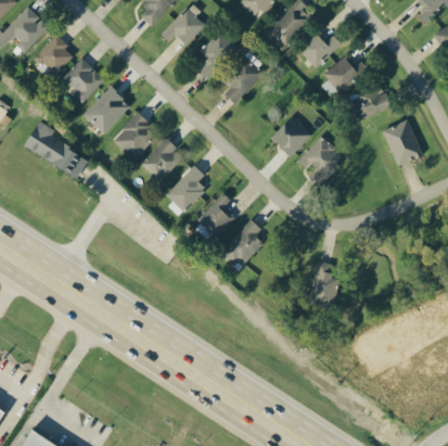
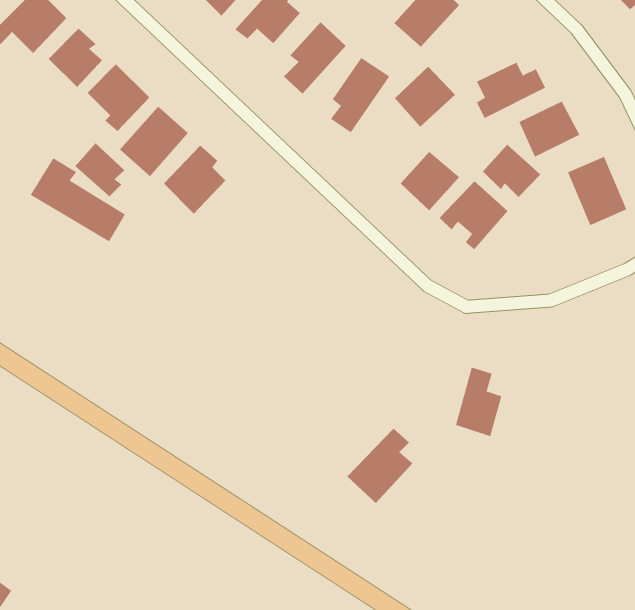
building: [298,26,340,67] -> [394,66,456,127]
building: none -> [74,142,125,197]
building: none -> [482,144,541,198]
building: [141,138,183,181] -> none
building: [166,165,206,217] -> none
building: [197,191,234,237] -> none
building: [219,219,264,270] -> [347,428,413,504]

